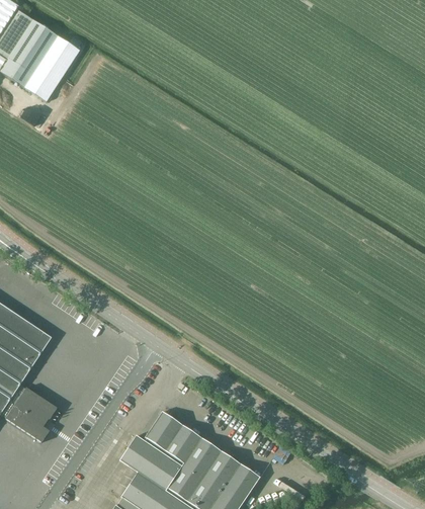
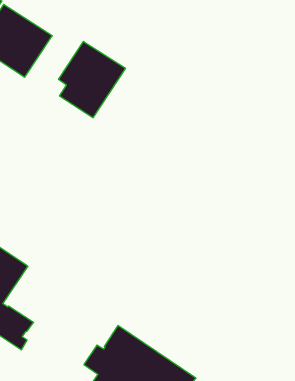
building: none -> [59,41,125,118]

